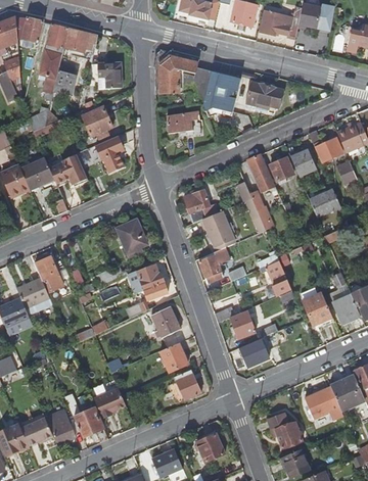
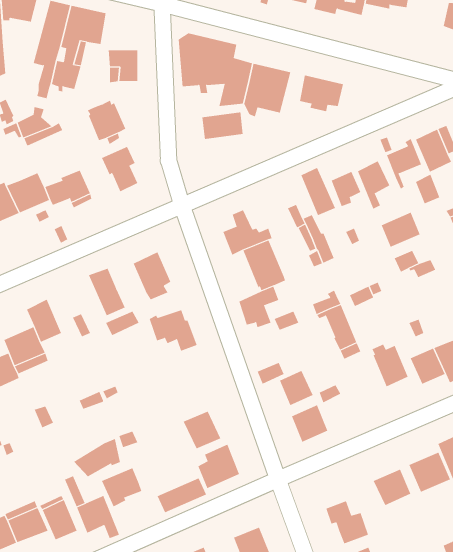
building: none -> [88,268,125,316]
building: [150,306,181,338] -> none
building: none -> [73,438,121,477]
building: none -> [157,477,207,513]

